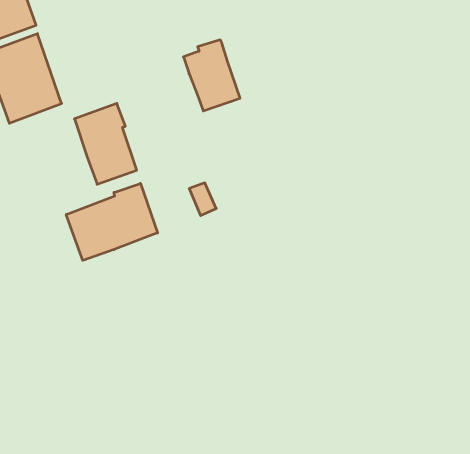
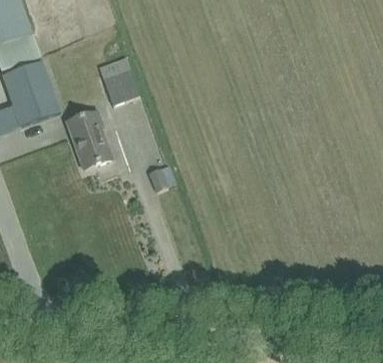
building: [183,40,240,111] -> [99,54,139,104]
building: [66,183,158,260] -> none

